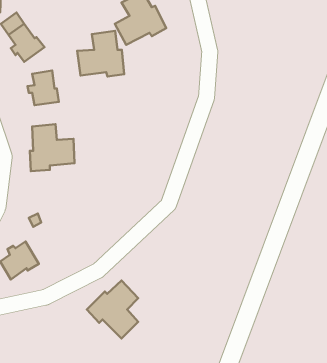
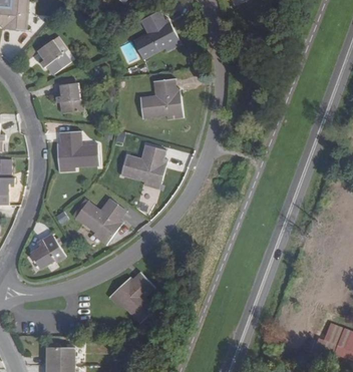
building: [77,31,124,76] -> [139,78,182,119]
building: none -> [121,145,165,189]
building: none -> [75,199,124,245]

